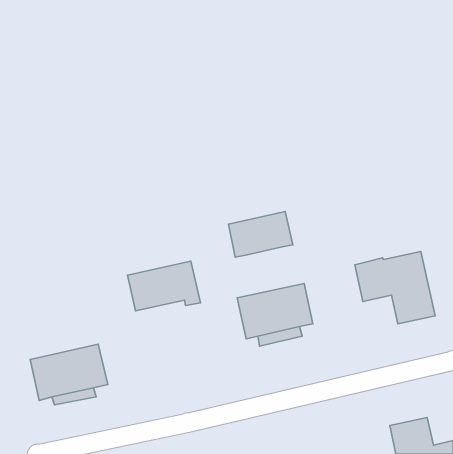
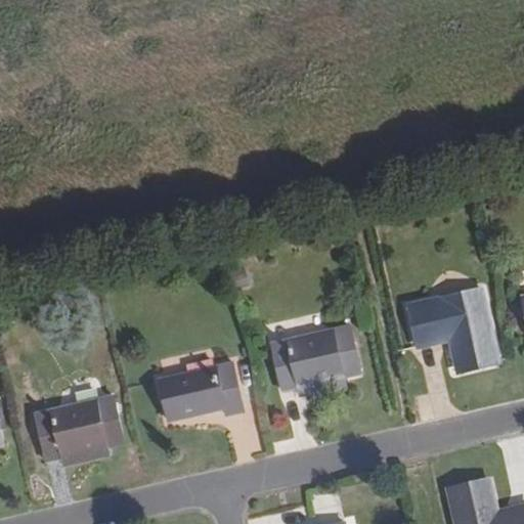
building: [229,211,293,257] -> none
building: [127,261,201,311] -> [159,362,243,420]

